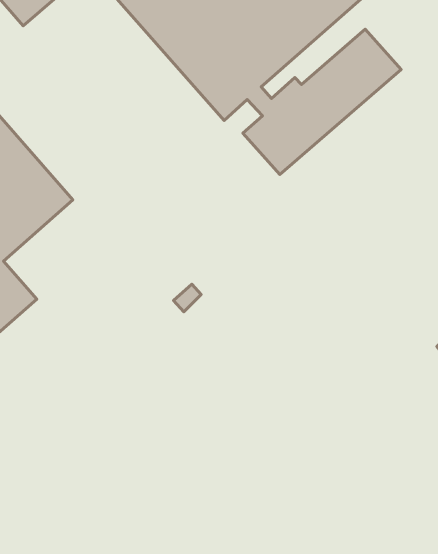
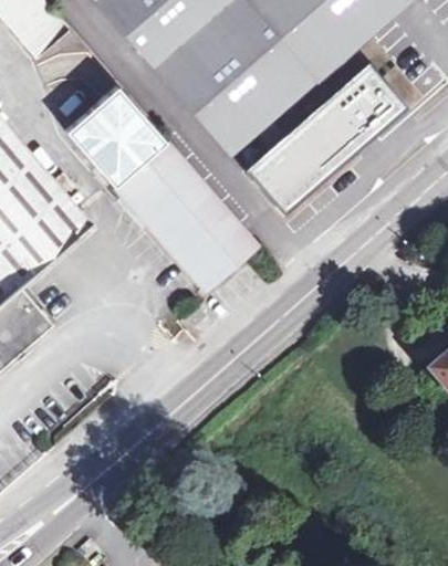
building: none -> [64,86,256,290]

